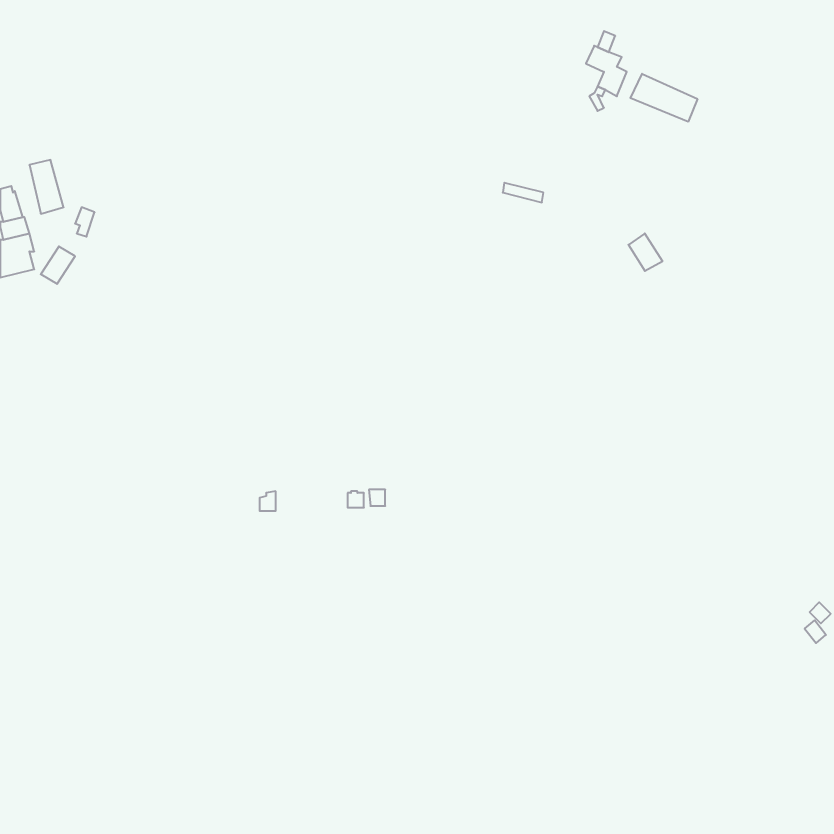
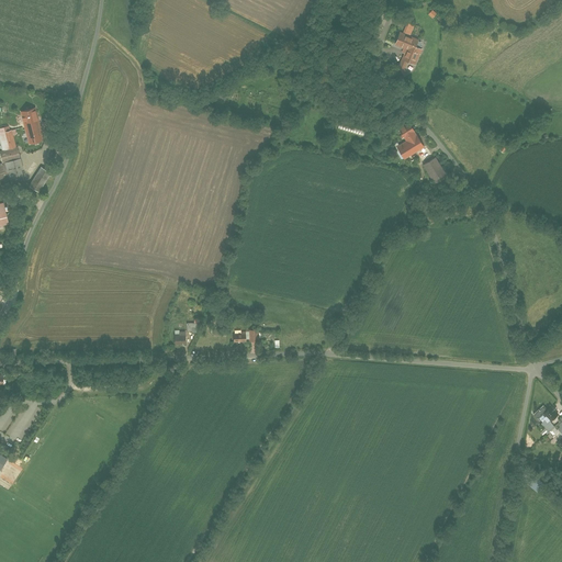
building: [630,74,697,122] -> none
building: none -> [396,123,423,158]

